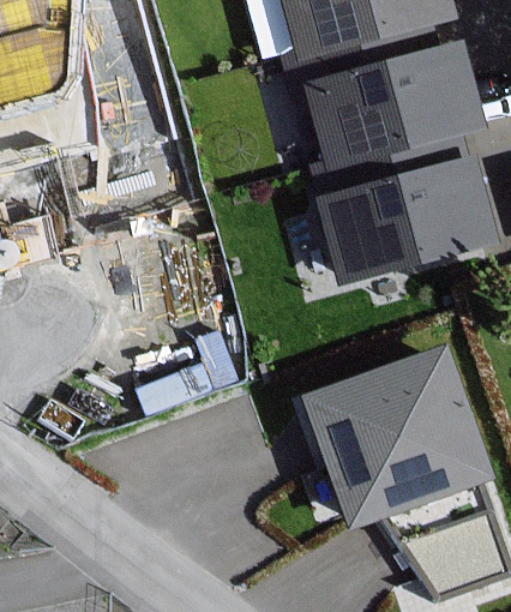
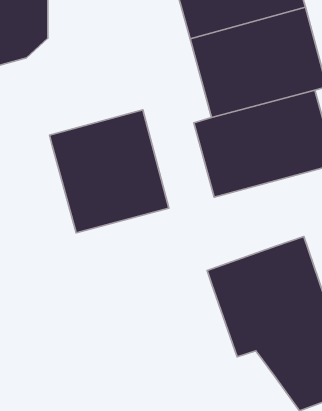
building: none -> [50,110,169,233]

